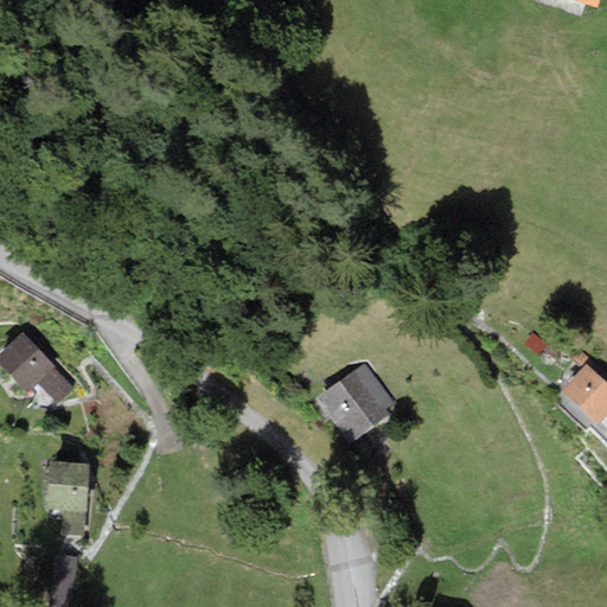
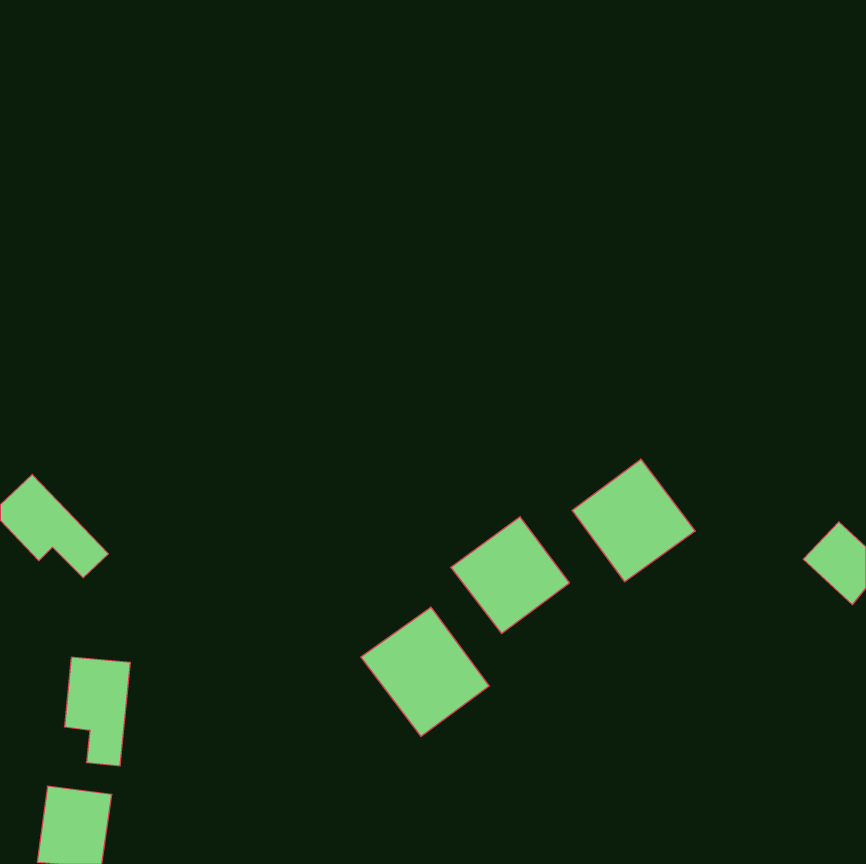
building: none -> [572,459,695,582]
building: none -> [361,607,489,737]

